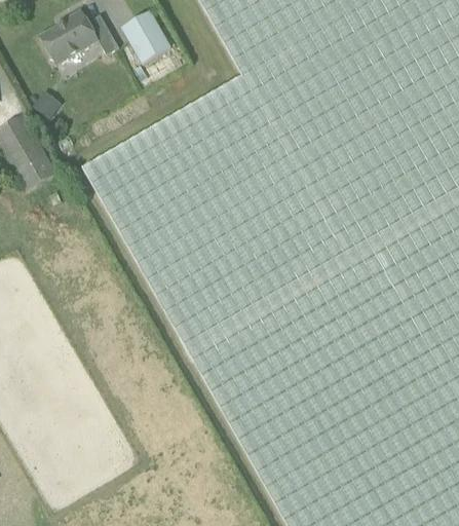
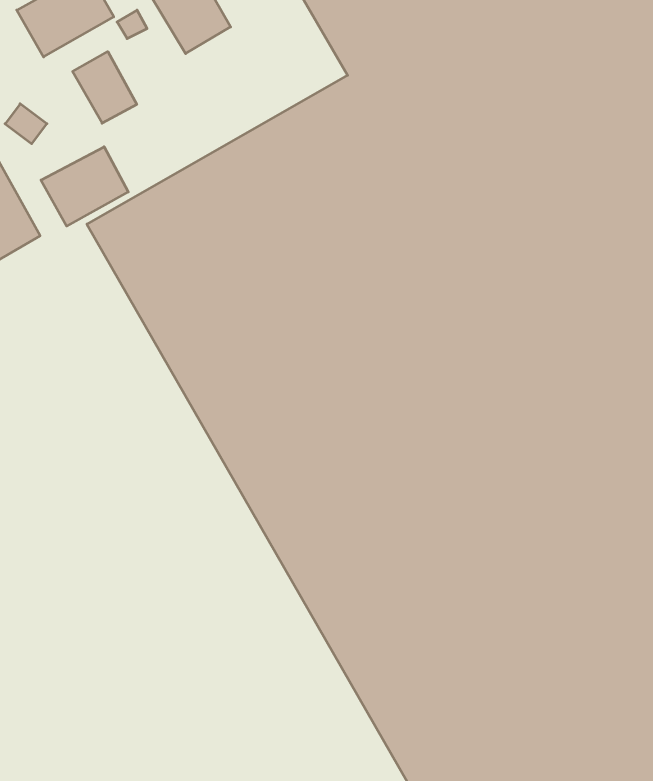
building: none -> [73,52,137,123]
building: none -> [41,147,128,226]

